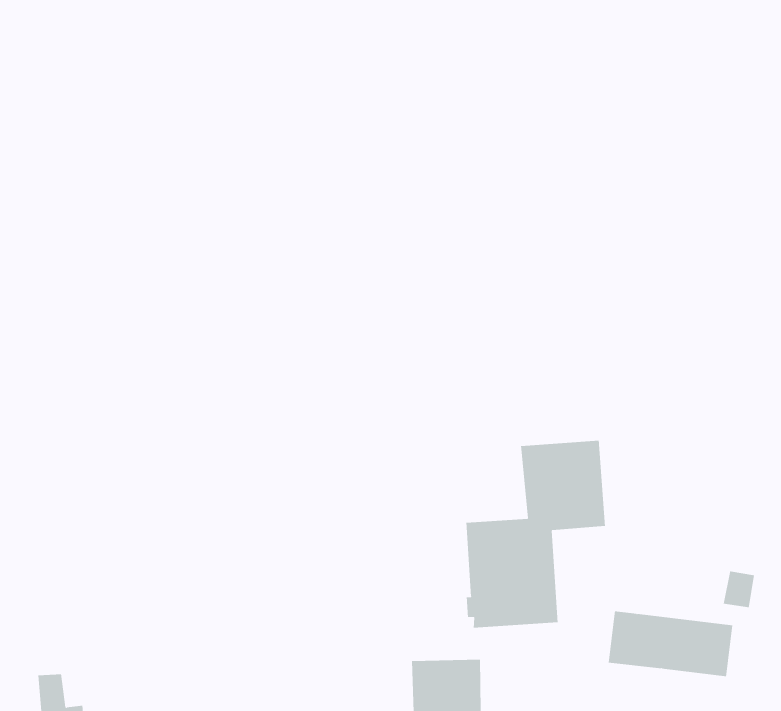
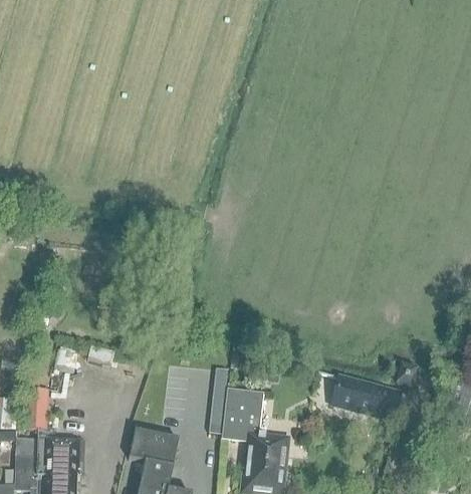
building: [466,440,605,628] -> none

